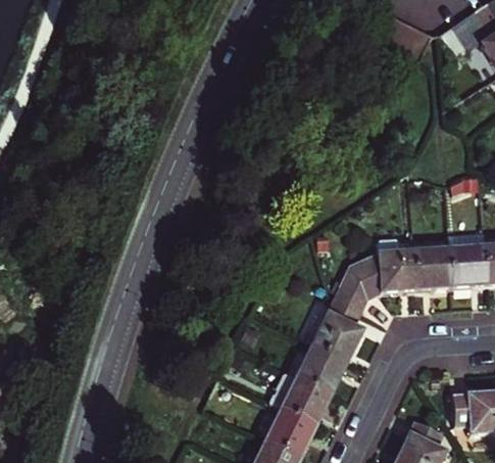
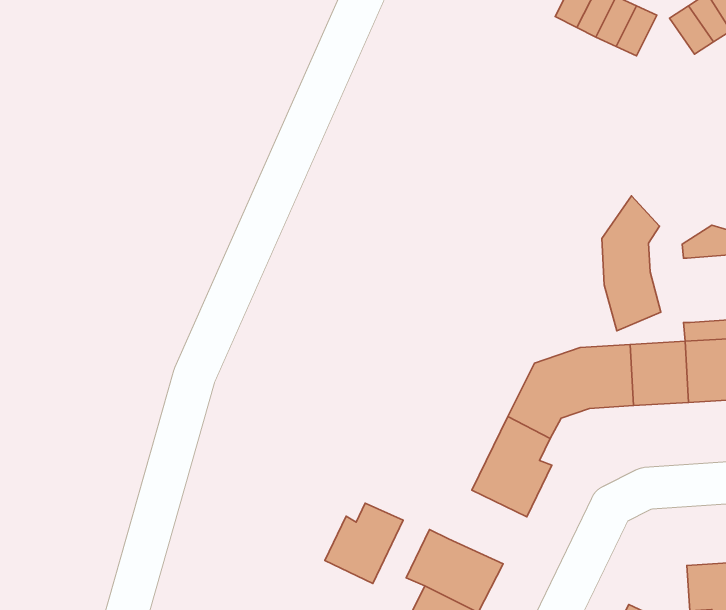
building: none -> [602,196,661,331]
building: [298,343,349,391] -> none
building: none -> [325,503,403,584]

